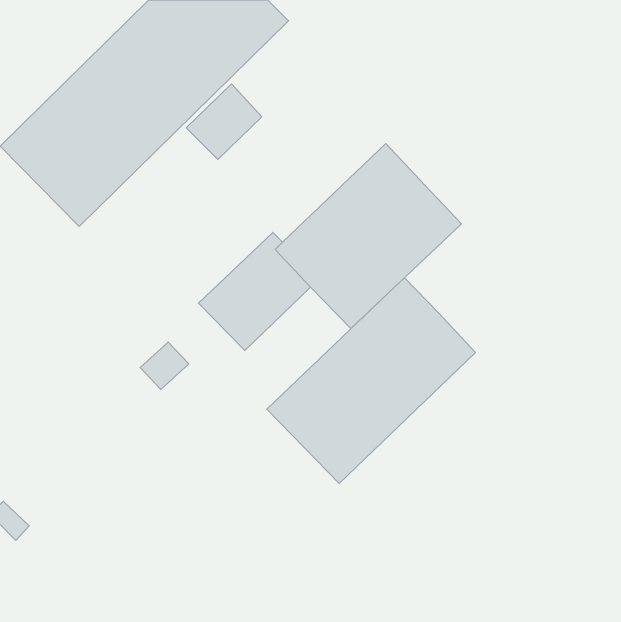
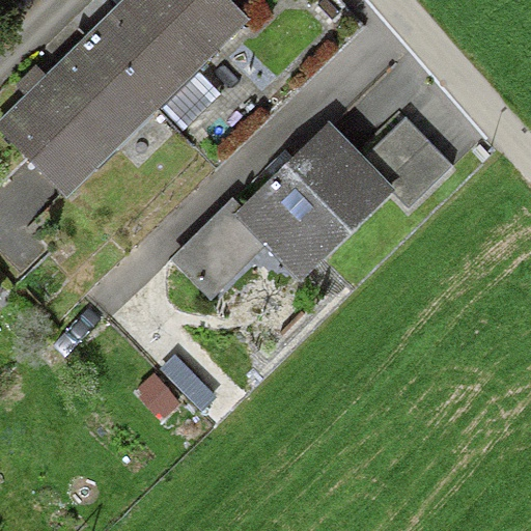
building: none -> [362,117,451,205]
building: [267,278,475,484] -> none

